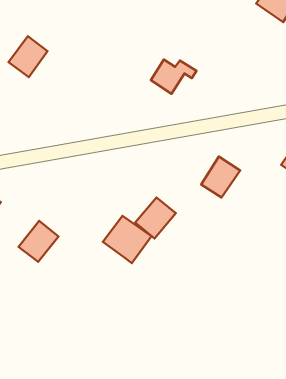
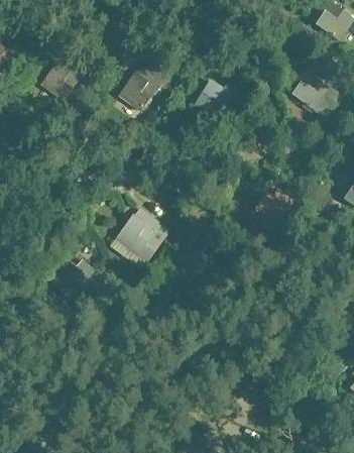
building: none -> [119,65,162,110]
building: none -> [290,67,330,109]
building: [103,216,151,263] -> [117,208,169,259]

